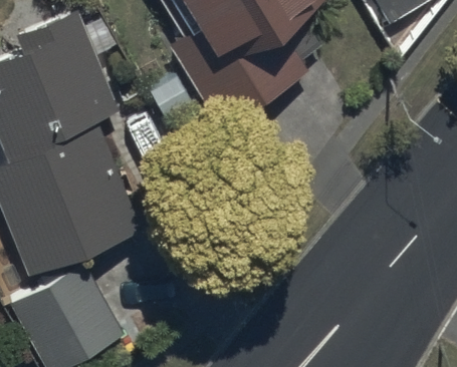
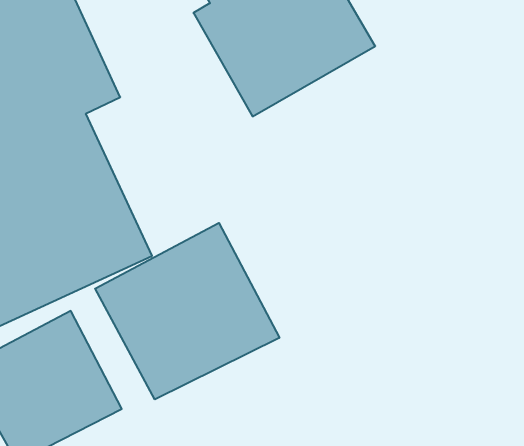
building: none -> [95,223,279,399]

